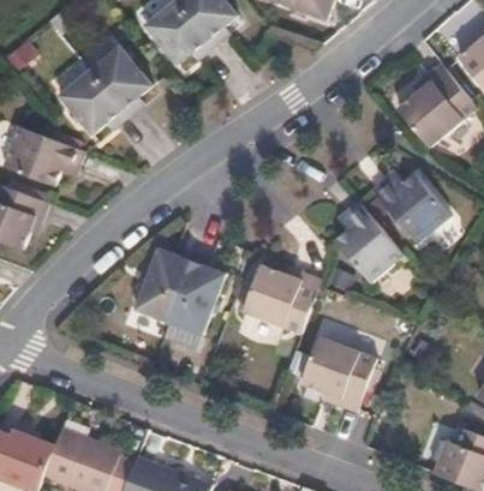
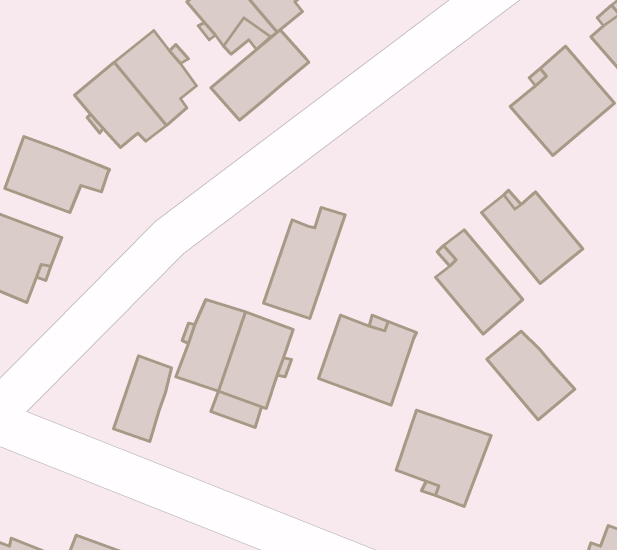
building: none -> [211,30,309,120]
building: none -> [263,208,345,319]
building: none -> [487,331,575,420]
building: none -> [113,356,172,441]

